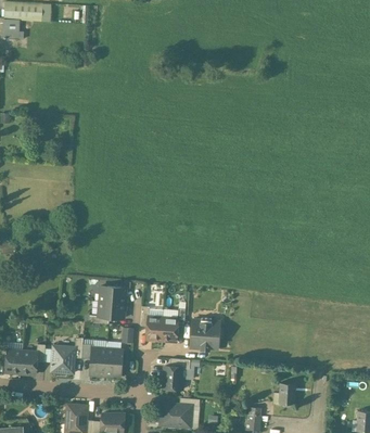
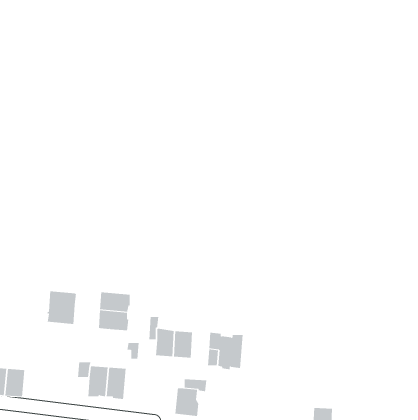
building: [51,345,76,373] -> [47,291,77,324]

